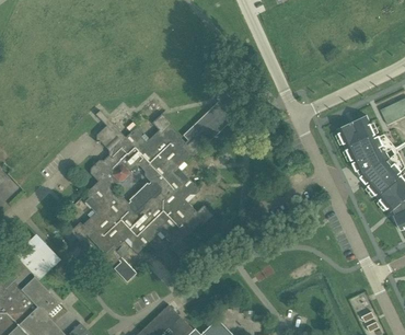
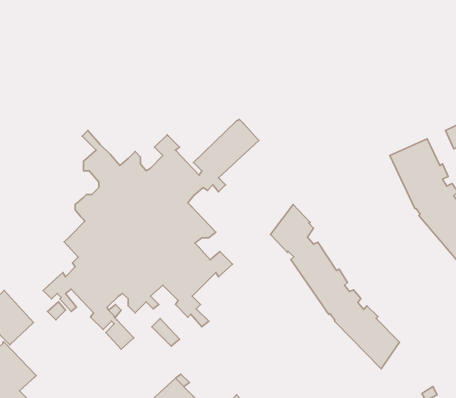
building: none -> [271,205,399,369]

